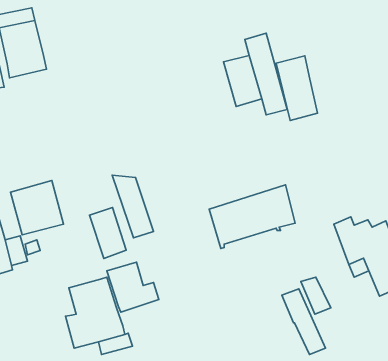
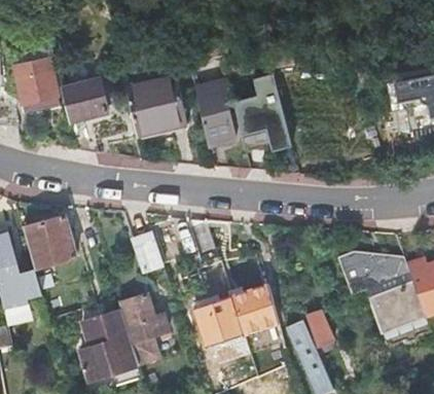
building: none -> [122,76,183,135]
building: none -> [60,78,106,152]
building: [276,56,318,121] -> [194,82,234,145]
building: [209,185,295,248] -> [194,285,278,347]
building: [89,208,126,259] -> none

